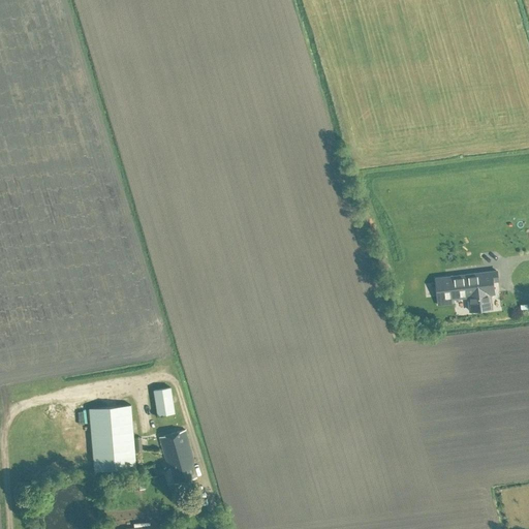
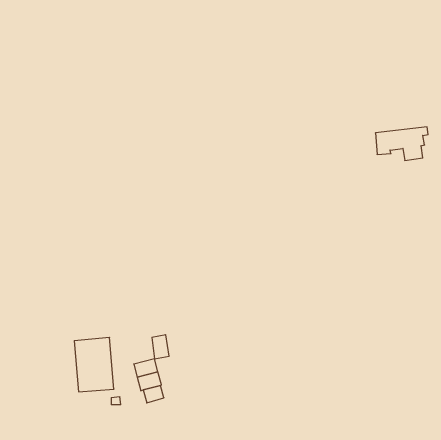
building: [435,272,498,312] -> [375,127,428,160]
building: [154,387,175,416] -> [152,335,169,359]

